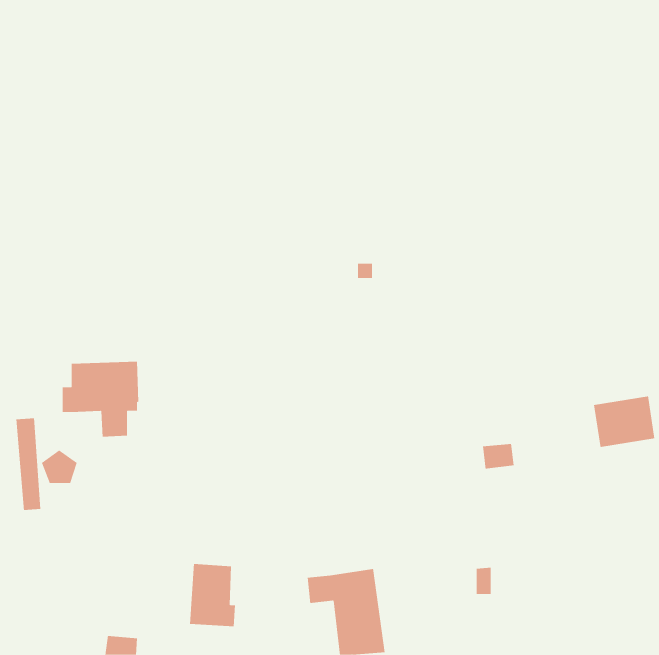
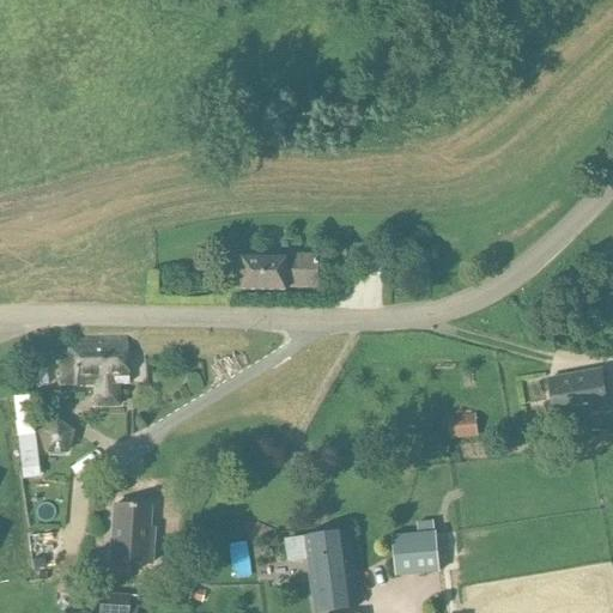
building: none -> [238,251,316,289]
building: none -> [393,521,438,575]
building: [189,564,236,627] -> [110,503,153,562]

